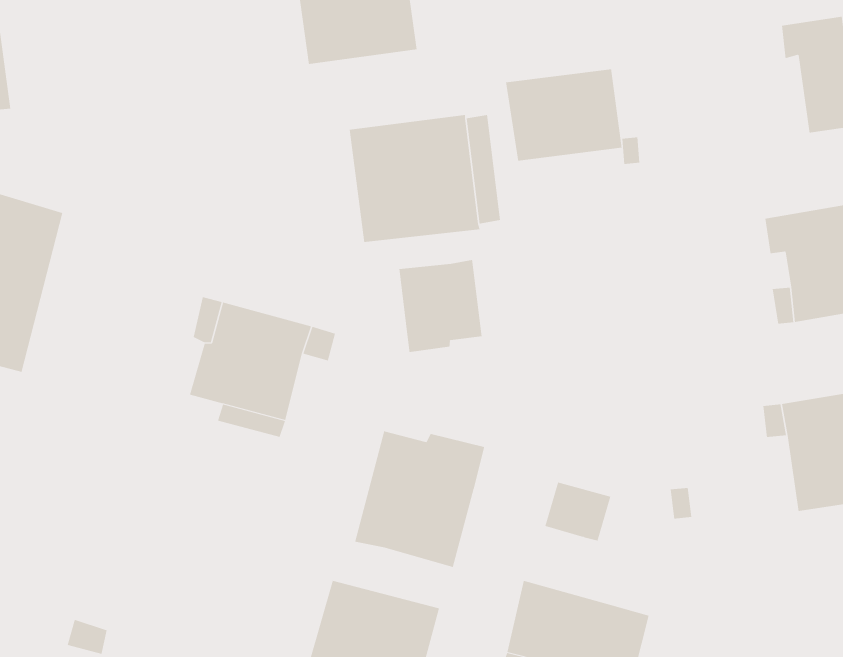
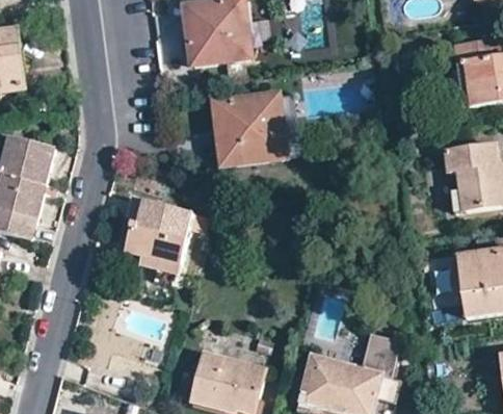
building: [505,69,622,162] -> none
building: [399,259,482,353] -> none
building: [355,430,485,568] -> none
building: [544,482,611,541] -> [360,342,397,376]

